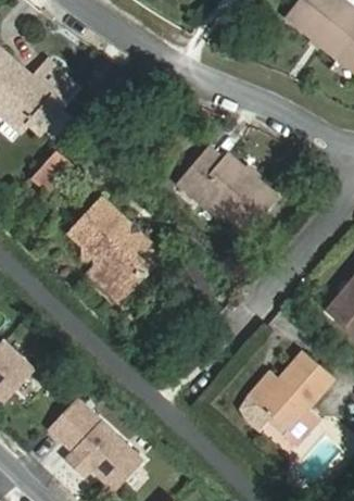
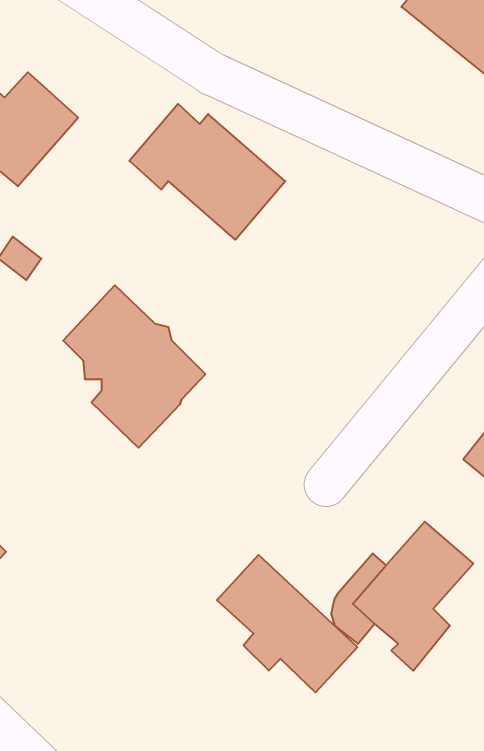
building: [177,146,278,234] -> [129,104,285,240]
building: [50,400,141,489] -> [217,555,357,692]

